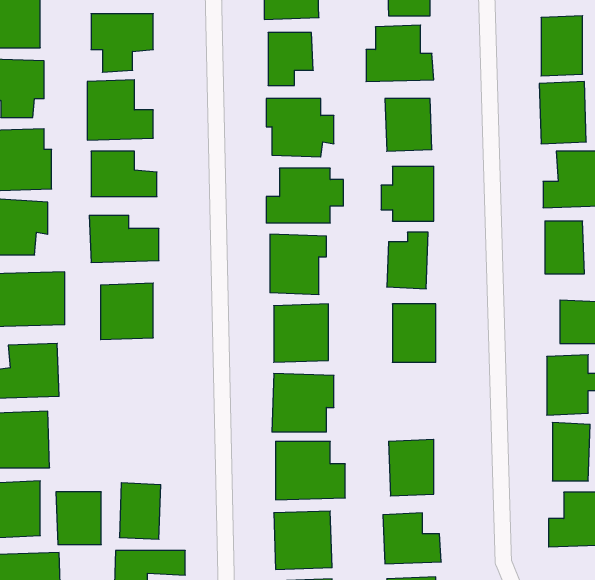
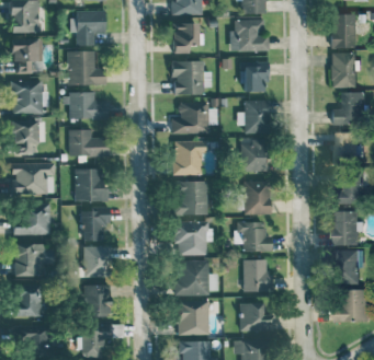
building: none -> [81,209,111,241]
building: none -> [237,221,271,252]
building: [56,492,101,545] -> [83,246,110,277]

